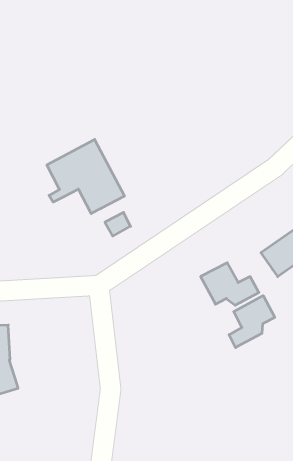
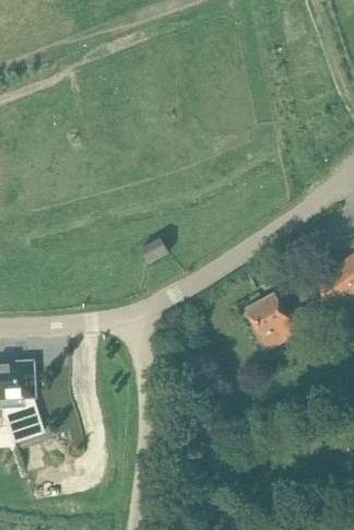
building: [47,139,124,214] -> none
building: [229,296,275,348] -> none

